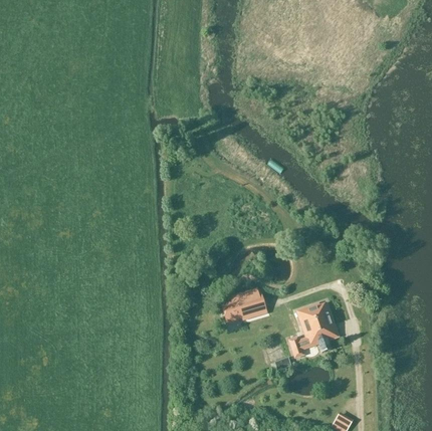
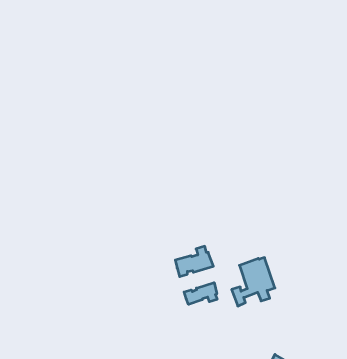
building: none -> [184,283,217,304]

